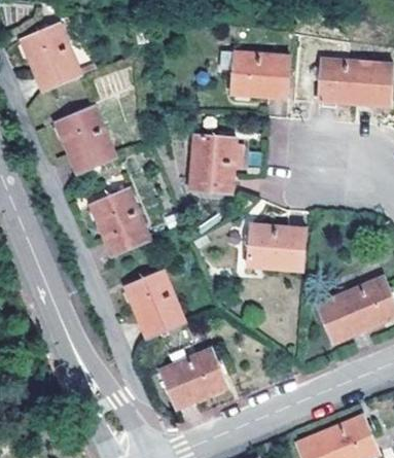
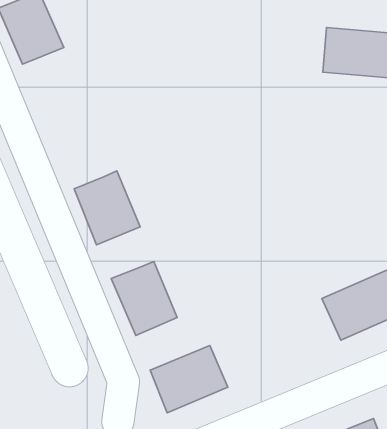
building: [229,51,289,98] -> none
building: [55,105,115,173] -> none
building: [191,134,235,192] -> none
building: [248,225,307,270] -> none

